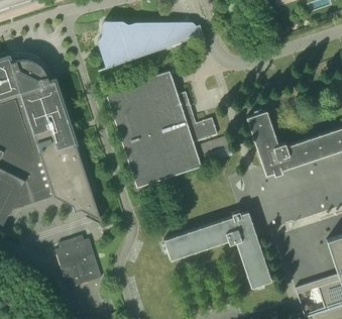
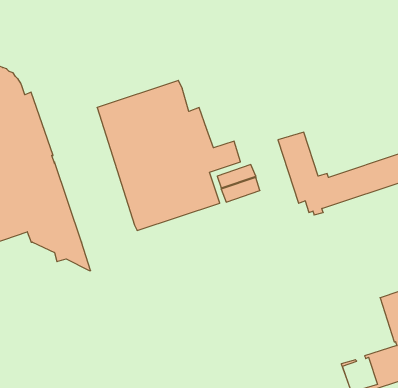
building: [98,21,204,70] -> none
building: [164,211,272,288] -> none
building: [55,235,102,289] -> none

